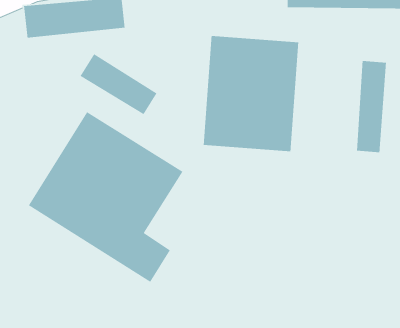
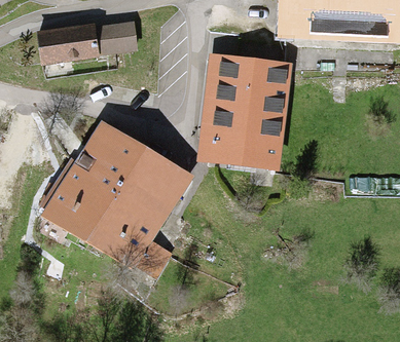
building: [79,53,158,115] -> none
building: [356,60,387,153] -> none

